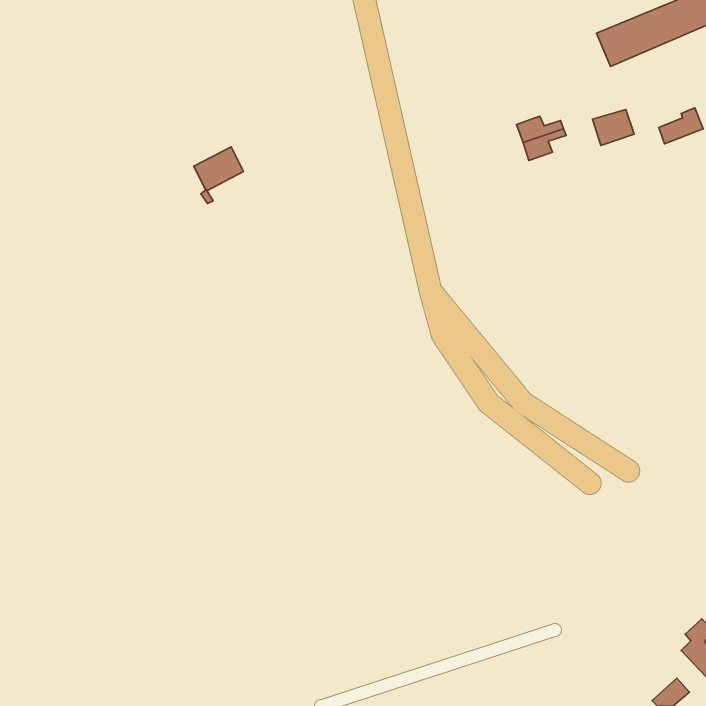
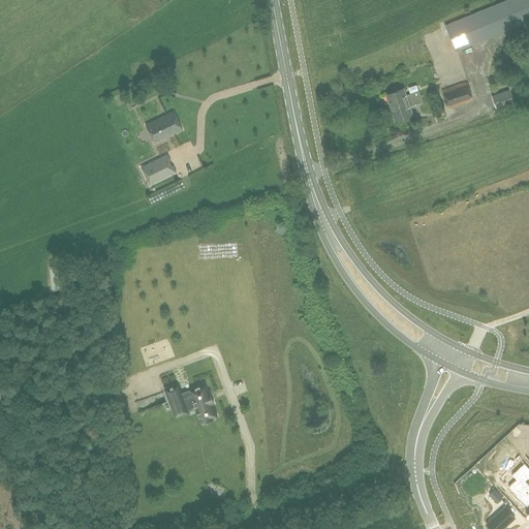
building: none -> [145,154,177,184]
building: none -> [166,384,217,423]

